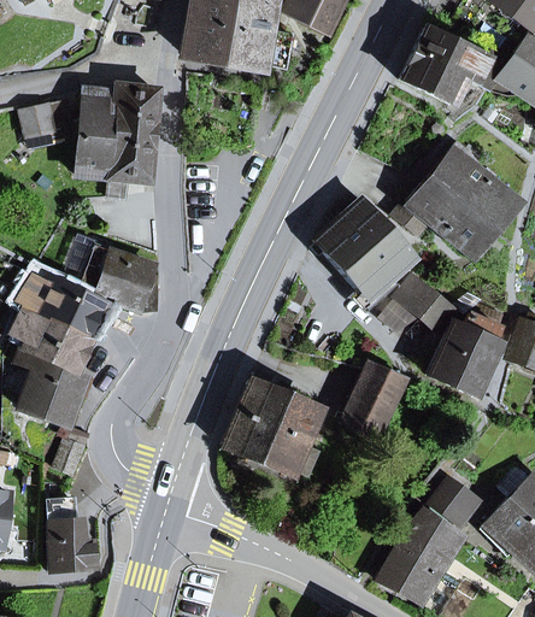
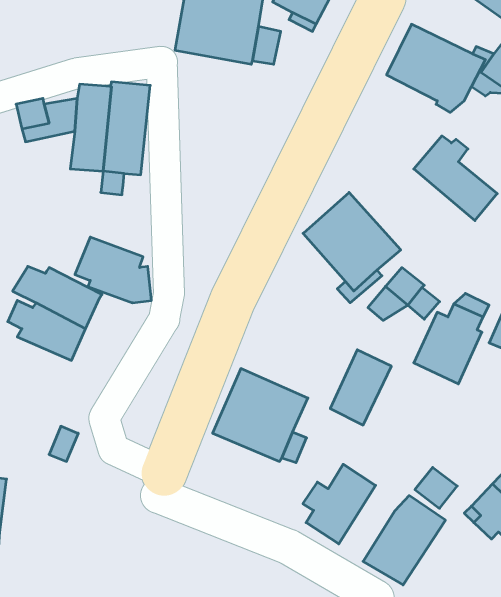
building: [392,175,490,253] -> none
building: [17,347,86,424] -> none
building: none -> [303,464,376,544]
building: [47,499,94,571] -> none

